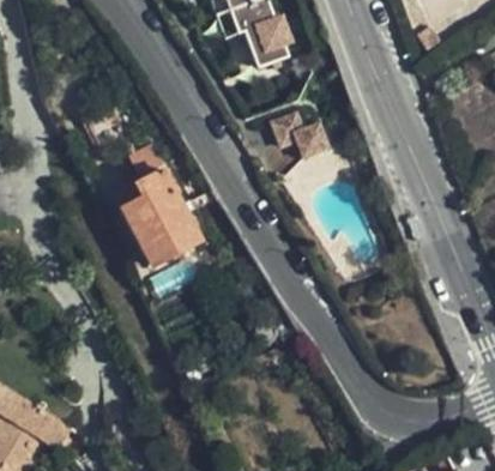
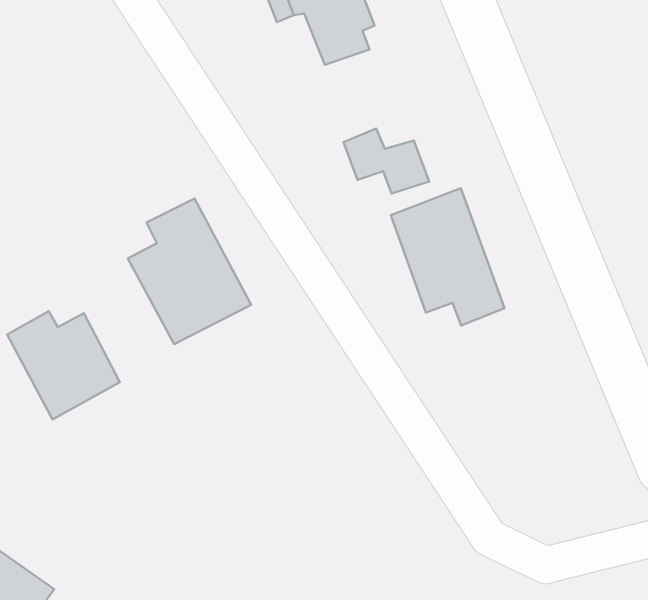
building: none -> [391,188,504,326]
building: none -> [7,311,120,419]

